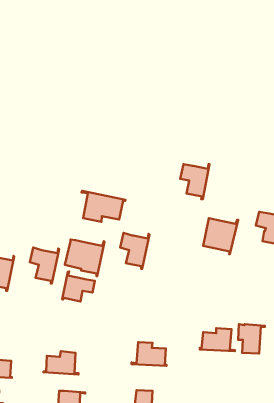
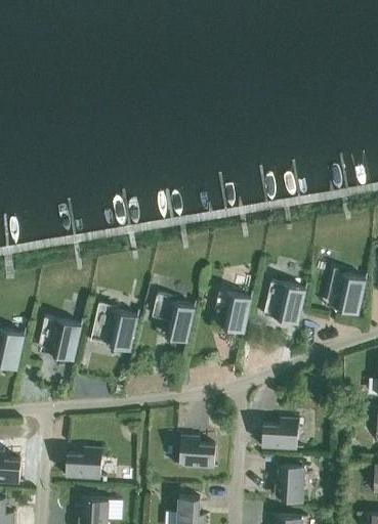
building: [180,164,209,199] -> [214,292,251,336]
building: [82,191,125,222] -> none
building: [62,272,95,301] -> none
building: [238,324,265,354] -> [276,465,309,501]

